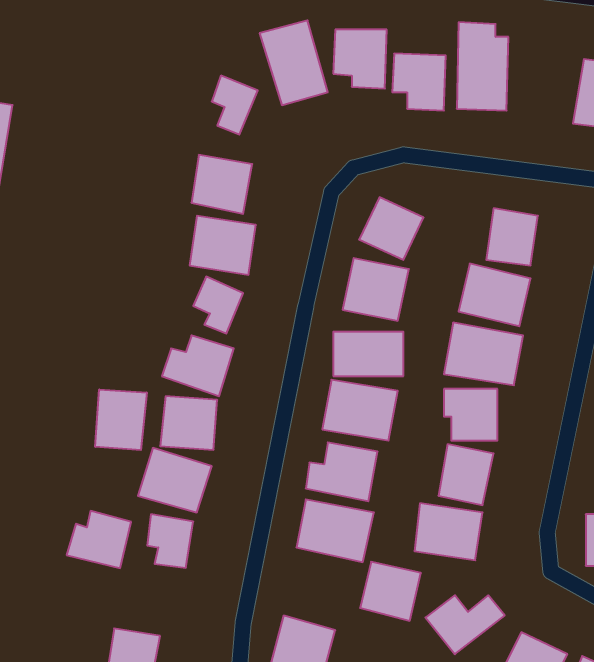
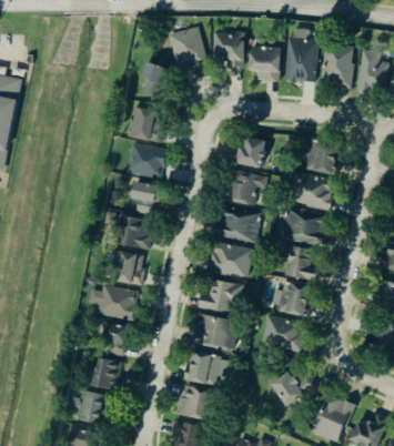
building: none -> [323,42,356,88]
building: [95,389,147,450] -> none
building: [67,511,131,568] -> [84,357,123,392]
building: [360,562,421,621] -> [185,352,222,387]

